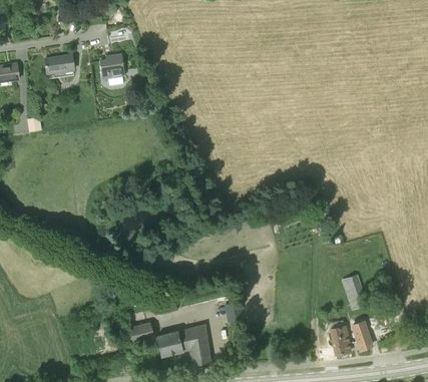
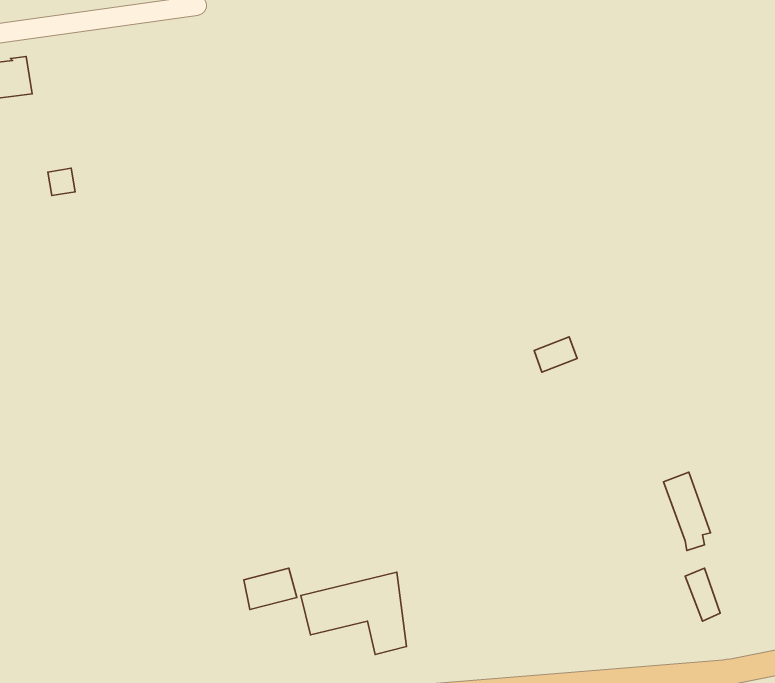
building: [44,52,74,72] -> none
building: [99,54,124,78] -> none
building: [331,326,350,355] -> none

